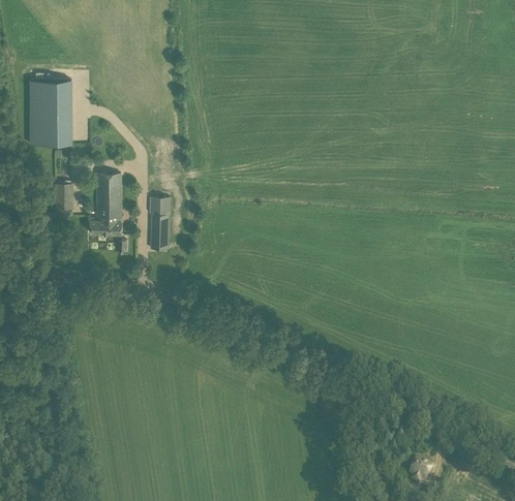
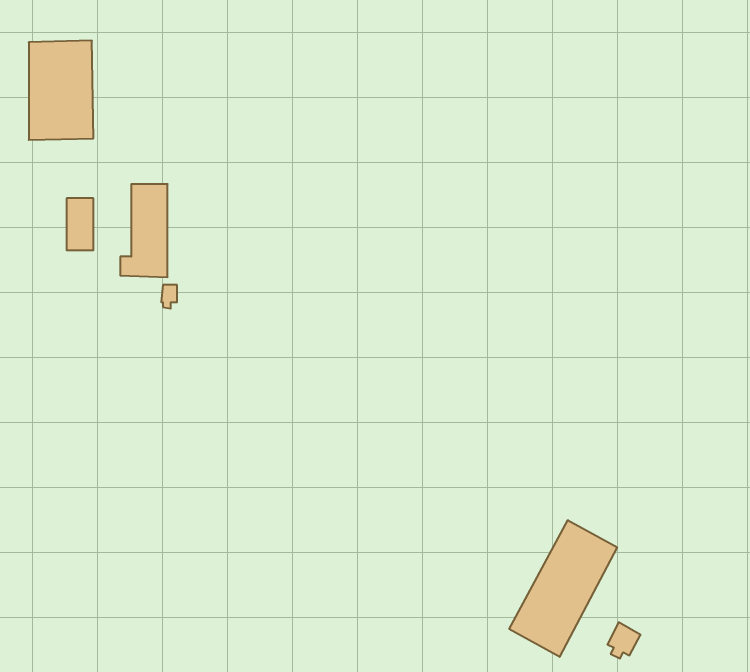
building: [149,197,170,250] -> none
building: none -> [509,520,617,657]

